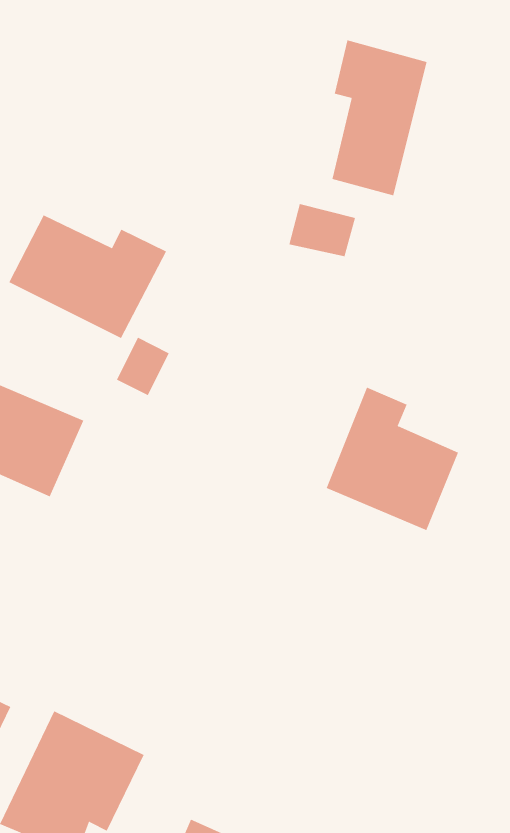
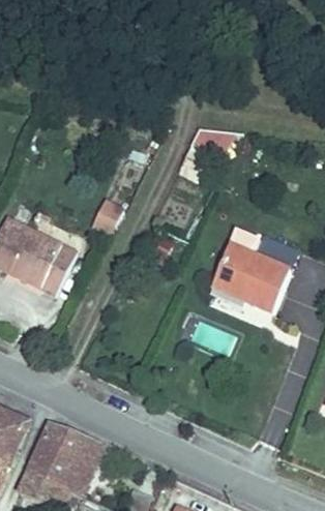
building: [332,40,427,196] -> none
building: [8,214,167,339] -> none

